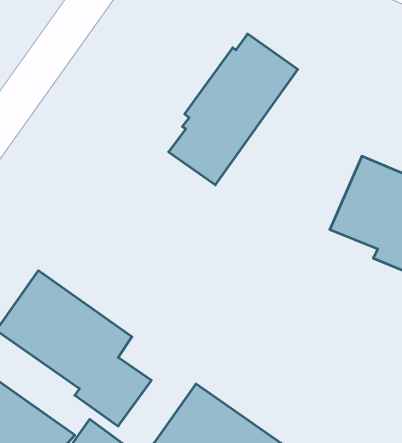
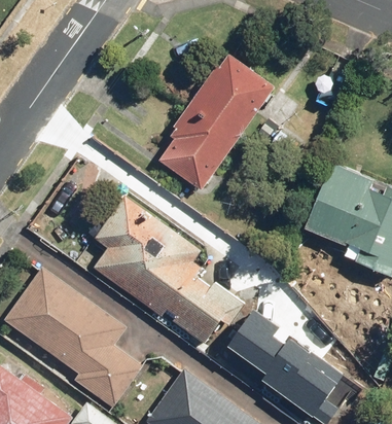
building: none -> [95,196,245,343]
building: none -> [225,309,346,415]

